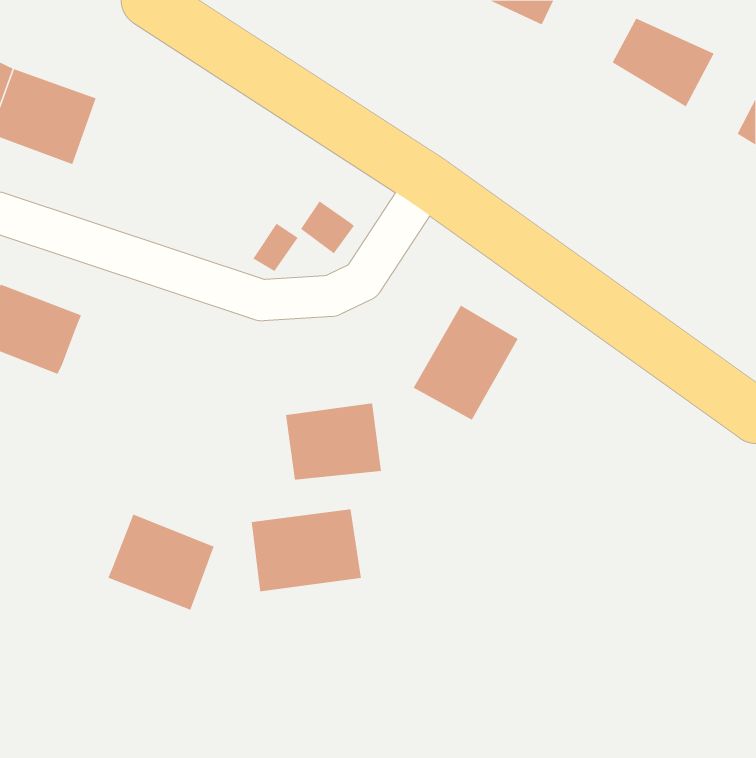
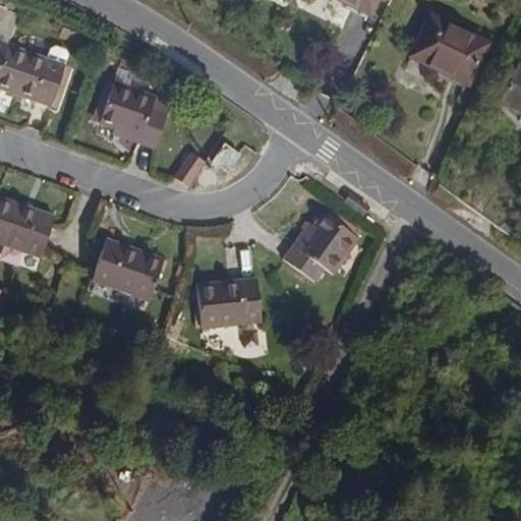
building: none -> [92,71,170,151]
building: [251,509,361,592] -> none
building: [107,514,214,610] -> [91,235,164,301]

